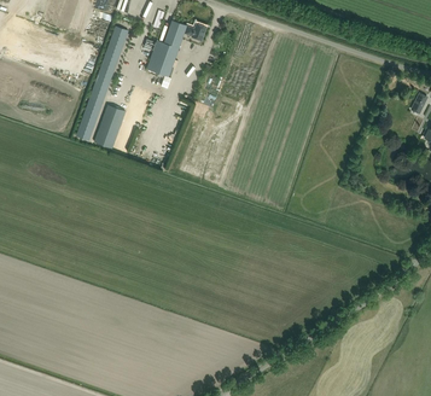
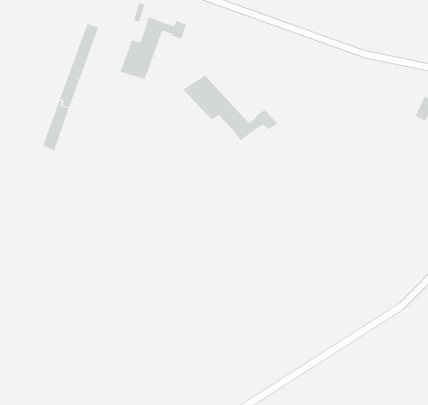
building: none -> [182,75,278,141]
building: [94,104,126,147] -> none

